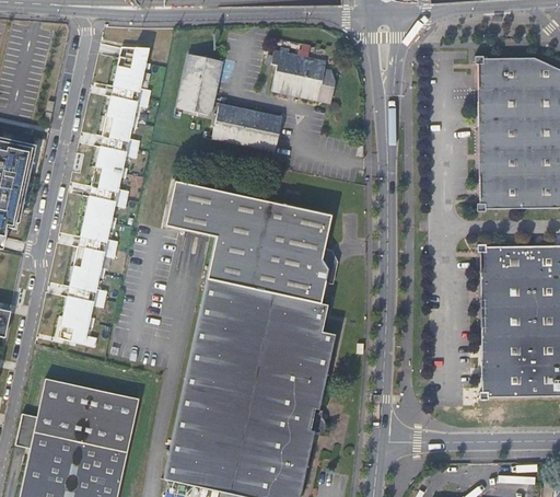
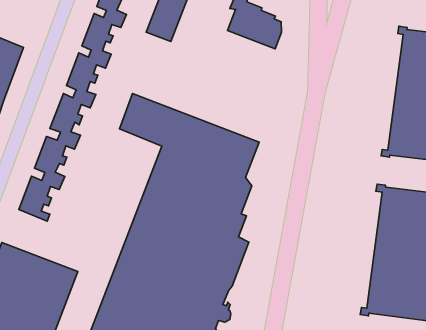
building: [211,102,283,151] -> none

